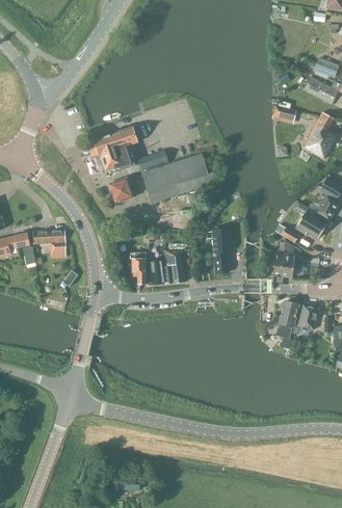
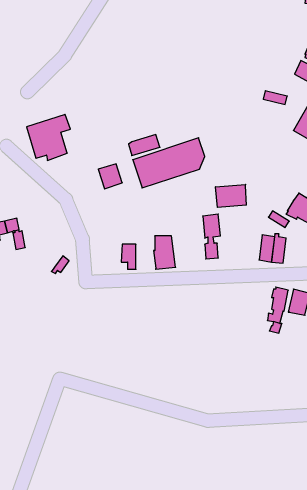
building: [95,127,138,172] -> [27,114,70,160]
building: none -> [216,184,246,207]
building: [33,229,67,250] -> none
building: [147,260,165,284] -> none

